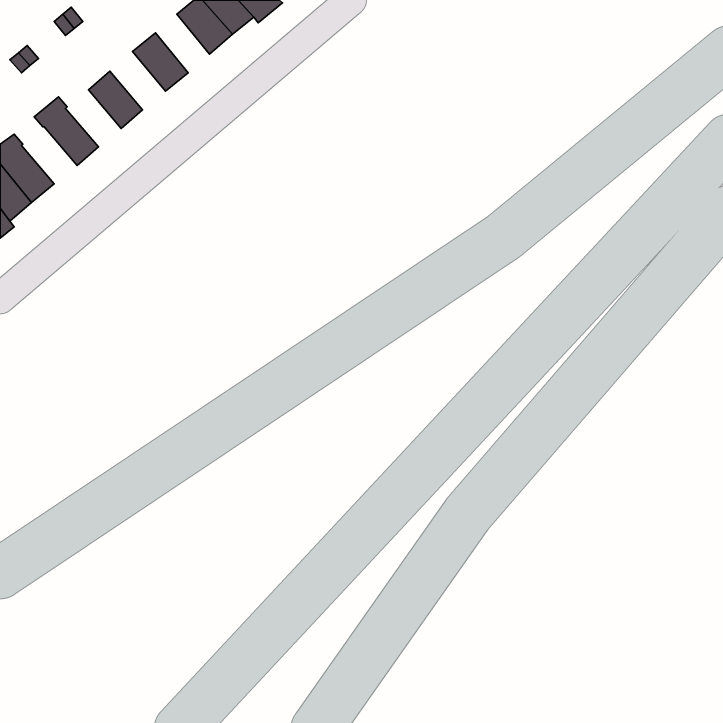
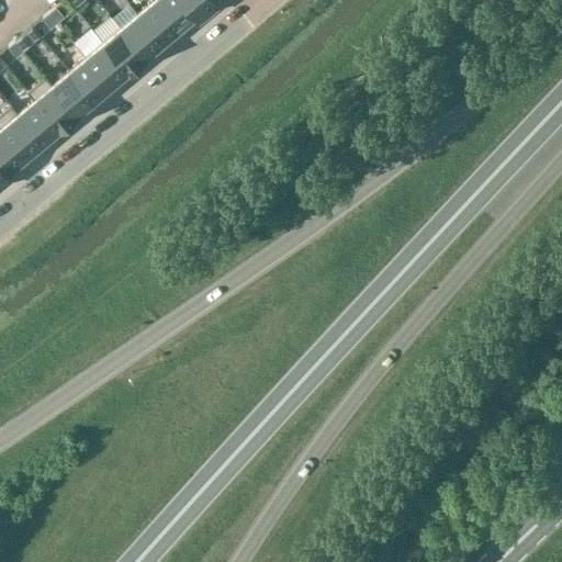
building: none -> [124,15,166,60]
building: none -> [89,44,132,89]
building: none -> [55,74,98,117]
building: none -> [21,102,64,146]

